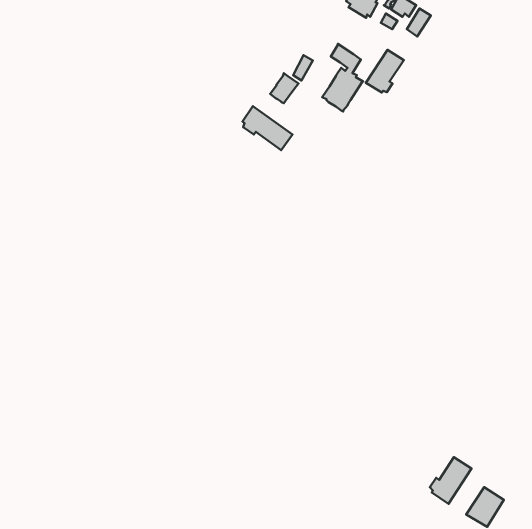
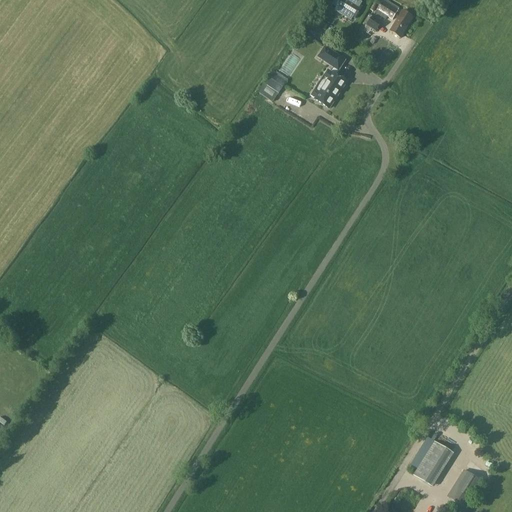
building: [366,50,404,93] -> none
building: [243,106,292,150] -> none

